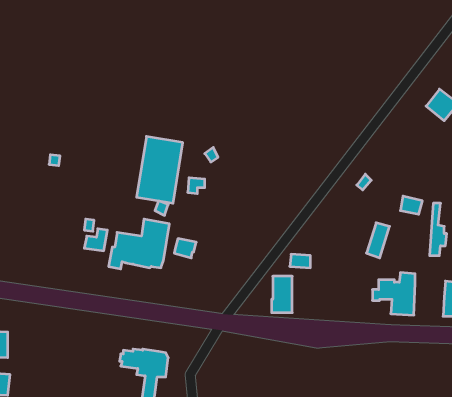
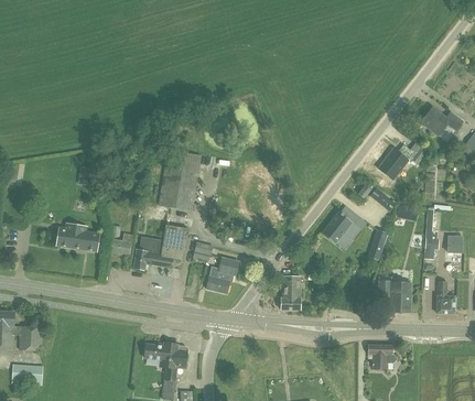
building: none -> [379,143,425,175]
building: none -> [320,214,350,247]
building: none -> [55,224,98,251]
building: none -> [205,257,238,293]
building: none -> [367,345,396,369]

